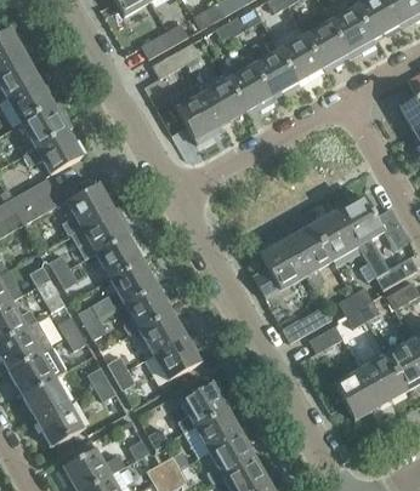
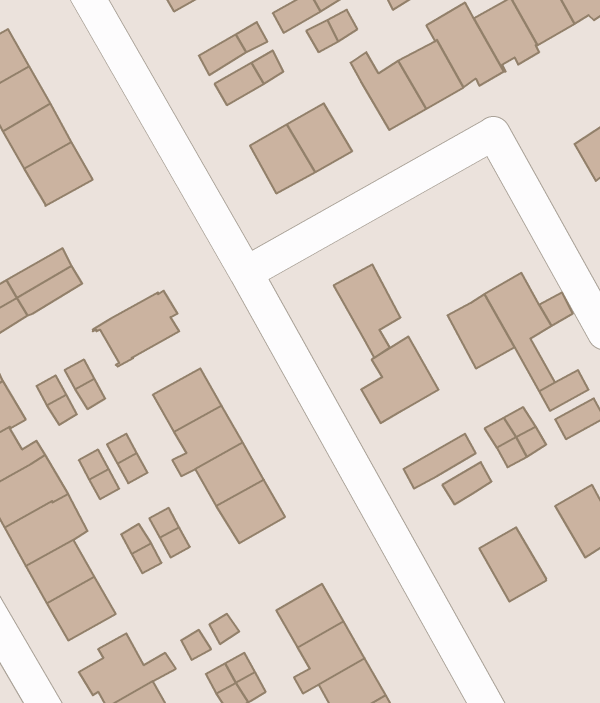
building: [227,63,273,110] -> none
building: [23,130,83,173] -> none
building: [62,182,113,233] -> none
building: [285,223,331,287] -> [334,264,401,358]
building: [95,234,142,278] -> none
building: [359,354,407,404] -> none
building: [178,379,226,432] -> none

